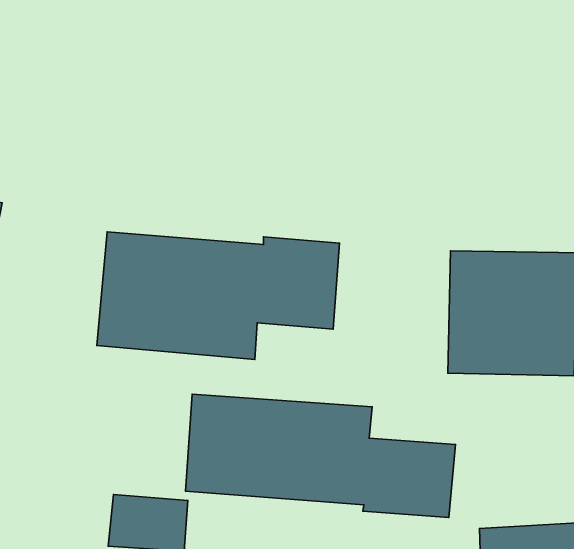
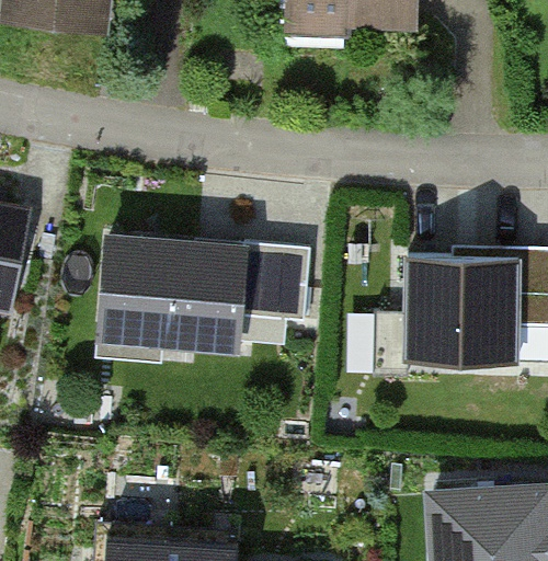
building: [186,394,455,518] -> none

